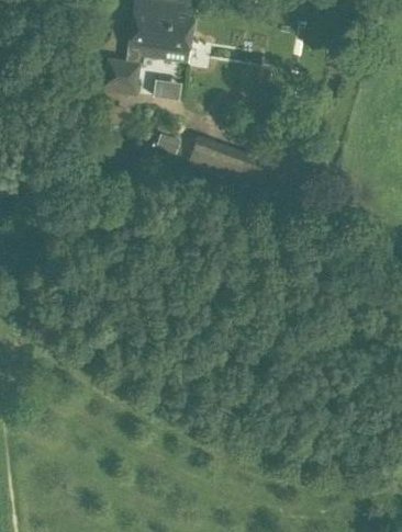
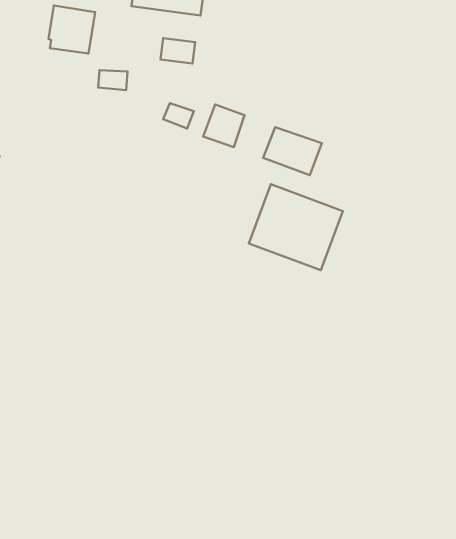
building: [102,57,141,97] -> [49,6,95,53]
building: none -> [249,184,343,270]

